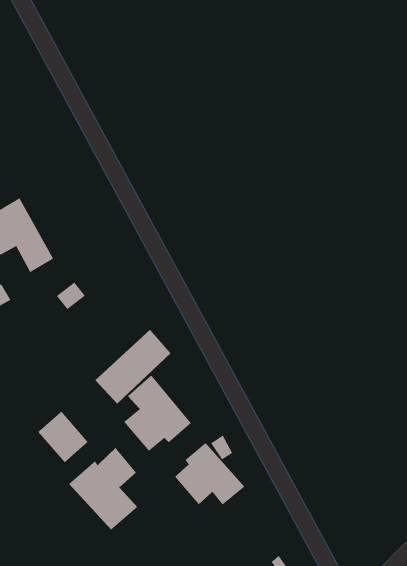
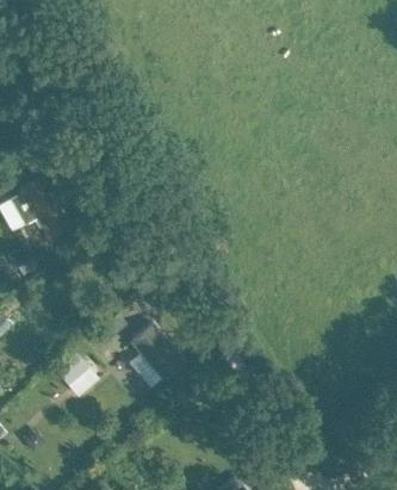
building: [174,442,245,505] -> none
building: [68,447,138,530] -> none

